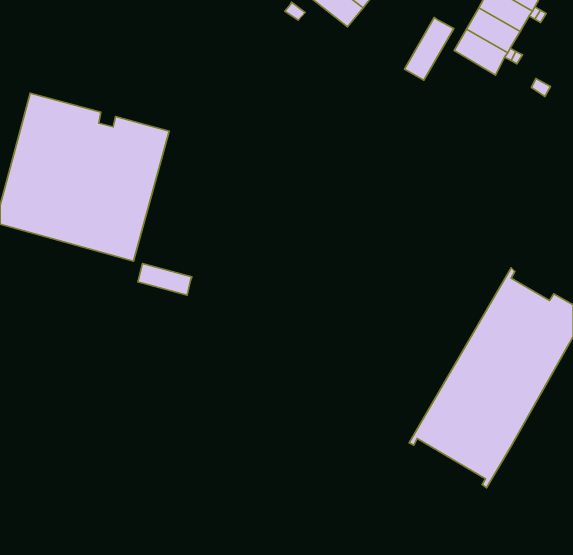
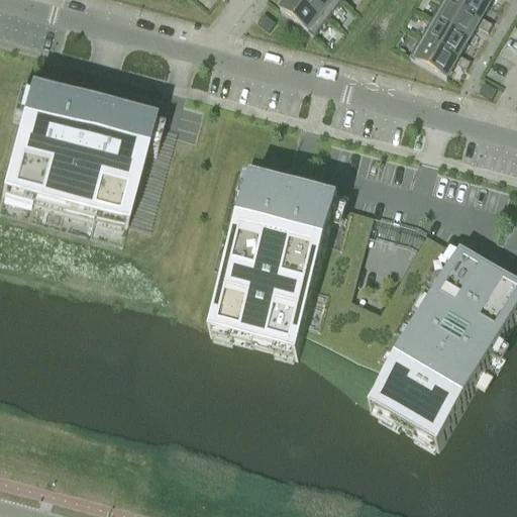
building: [404,18,454,80] -> none
building: none -> [209,170,338,347]
building: [138,264,192,295] -> none

